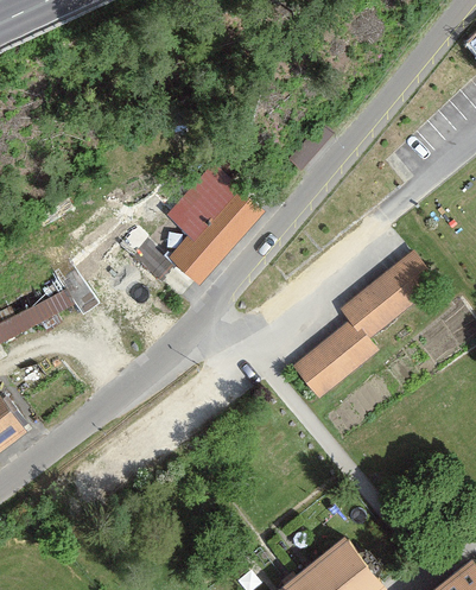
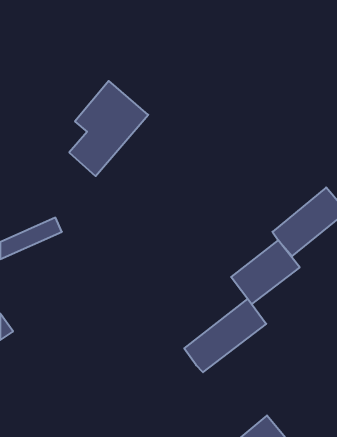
building: [160,169,260,288] -> [69,81,148,176]
building: none -> [184,299,266,372]

